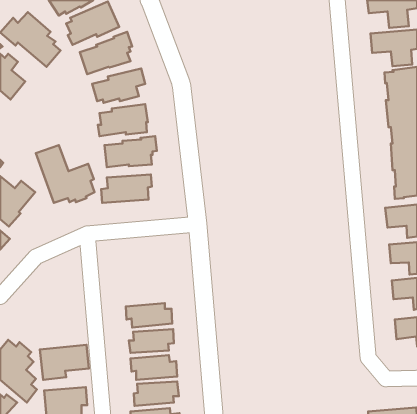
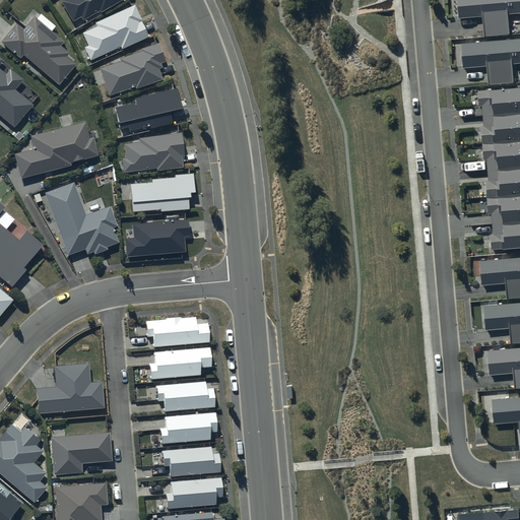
building: none -> [15,121,98,178]
building: none -> [146,317,209,347]
building: none -> [149,347,210,379]
building: none -> [37,364,104,413]

